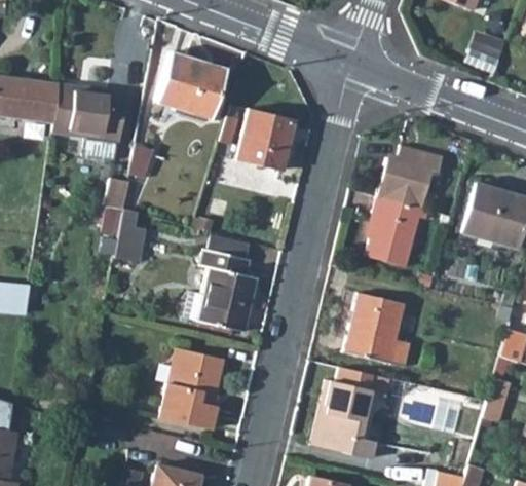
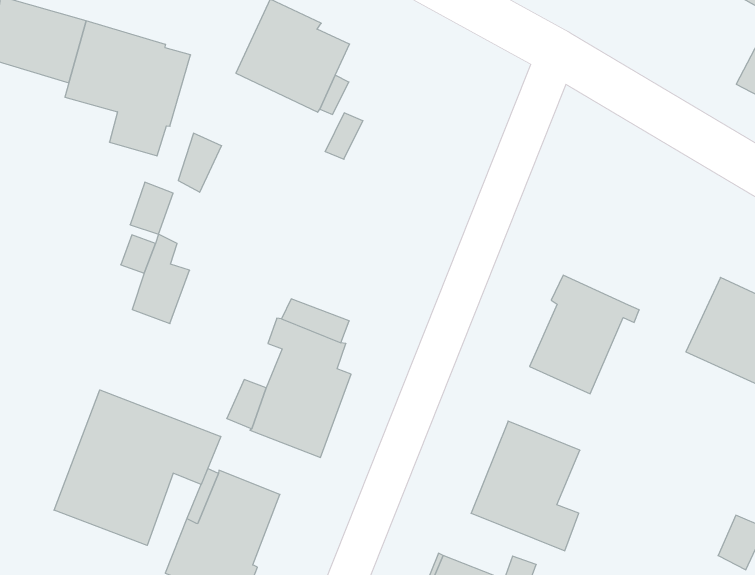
building: [236,109,293,172] -> none
building: [377,145,443,209] -> none
building: none -> [54,390,221,545]

